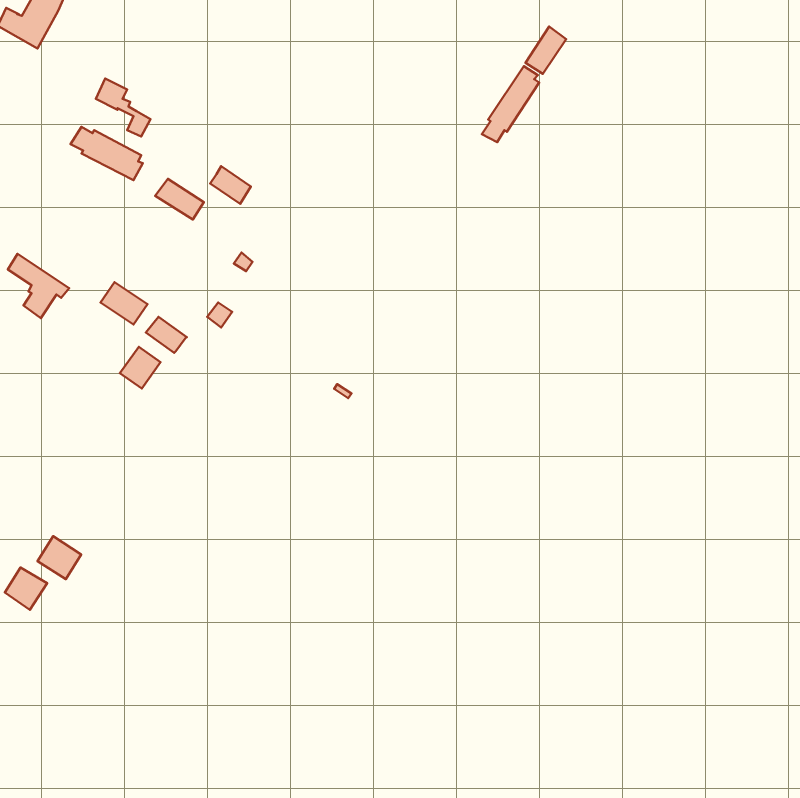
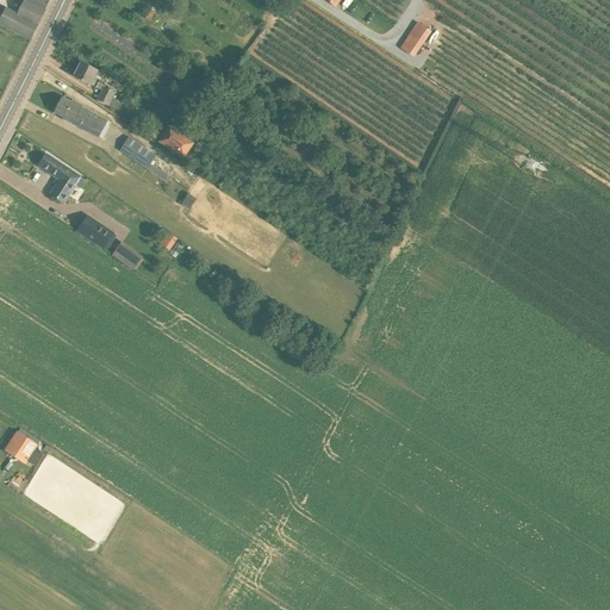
building: [482,66,539,142] -> none
building: [8,254,69,318] -> [38,152,85,201]
building: [120,347,161,388] -> none
building: [38,536,81,579] -> none

